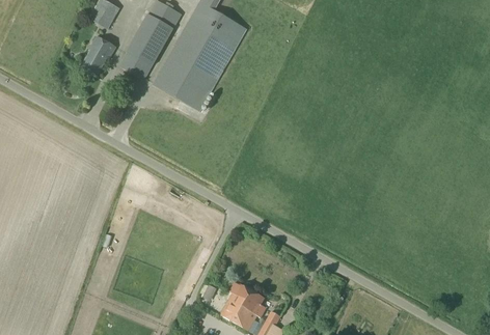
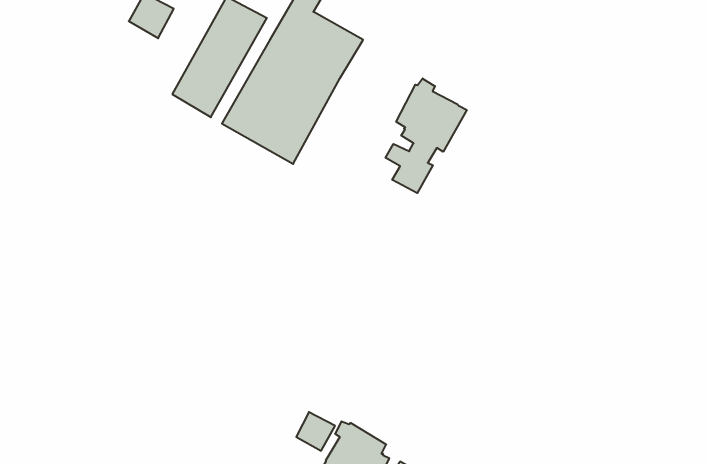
building: [81,35,116,75] -> none
building: none -> [386,78,467,193]

